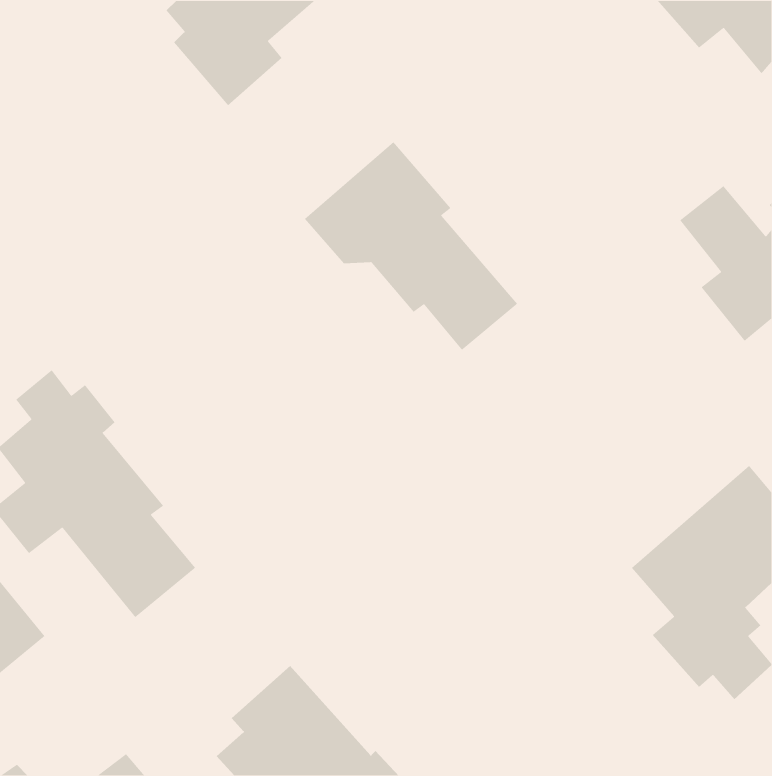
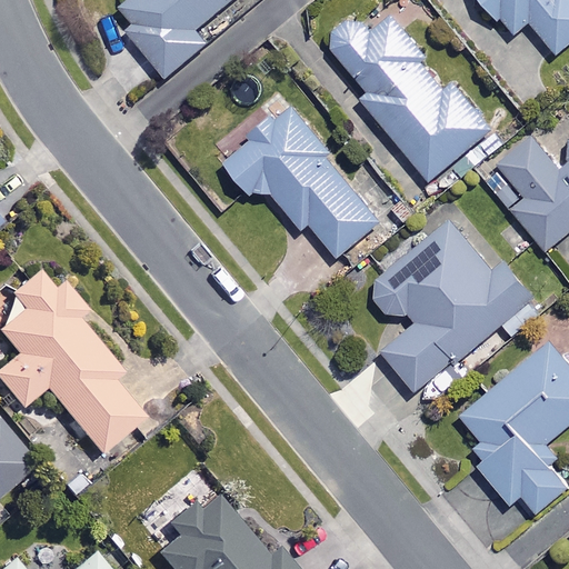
building: none -> [328,14,490,180]
building: none -> [367,210,543,395]

